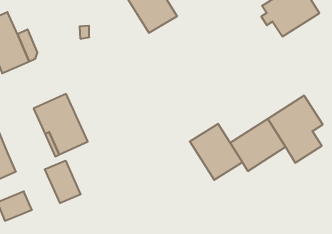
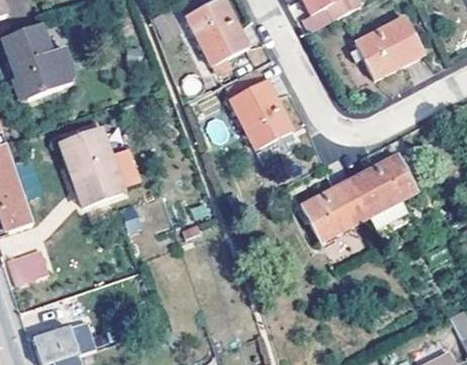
building: [190,124,242,180] -> [228,78,291,147]
building: [45,161,81,203] -> none

